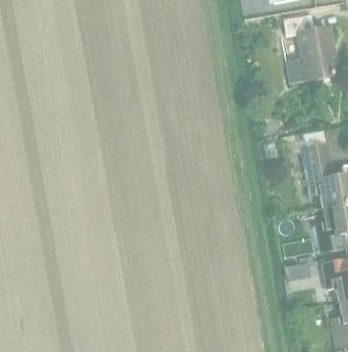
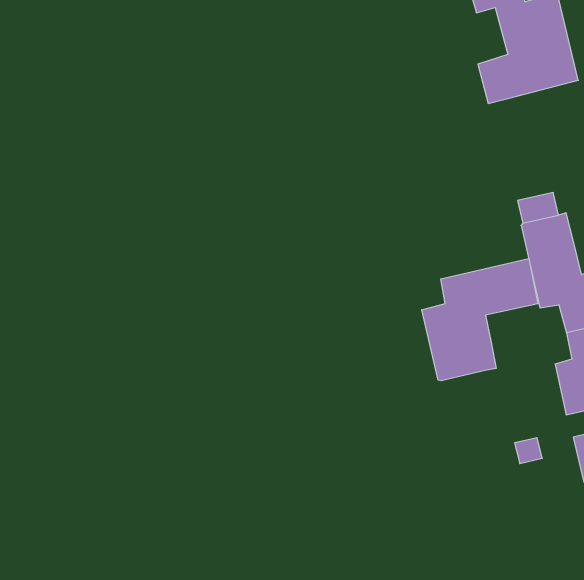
building: none -> [422,259,538,381]

